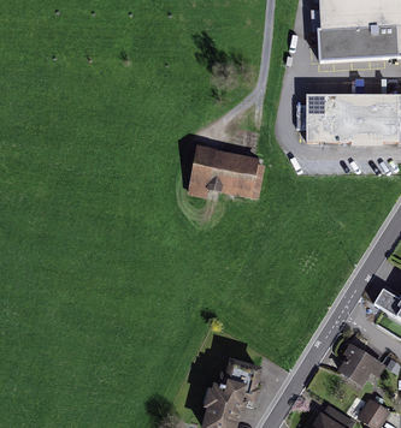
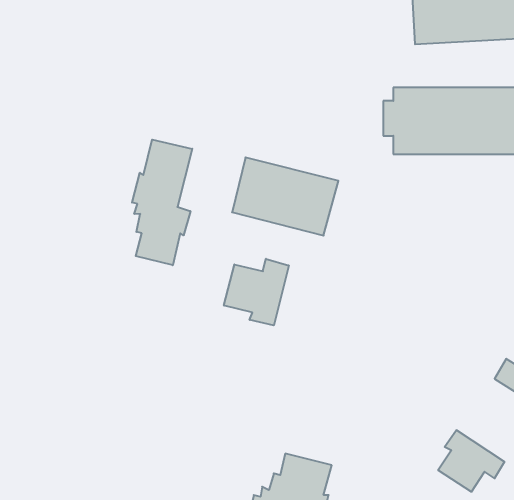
building: none -> [132,140,192,265]
building: none -> [224,259,289,325]

